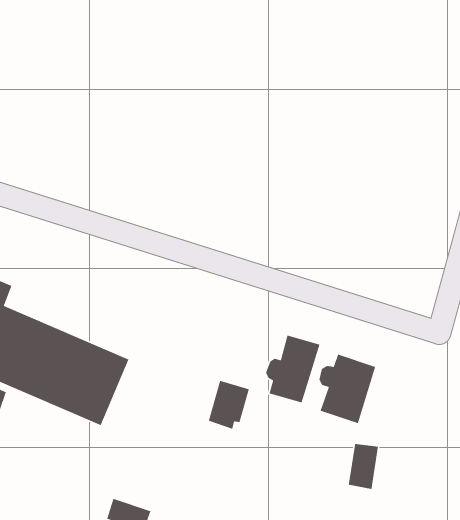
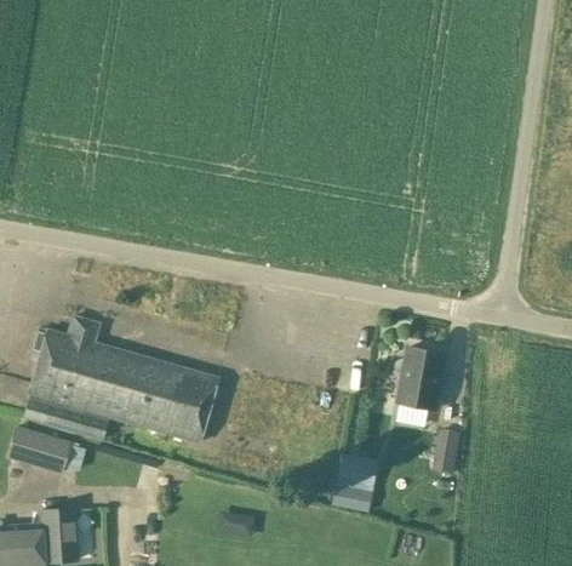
building: [265,335,321,404] -> none
building: [208,380,250,430] -> [339,454,374,499]

